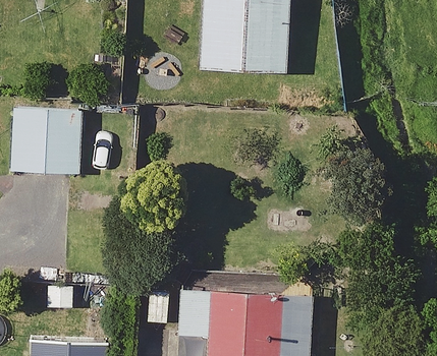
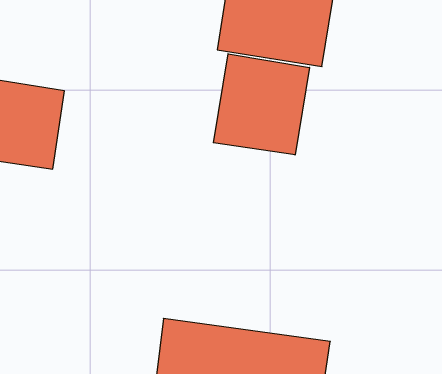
building: none -> [213,54,309,155]

